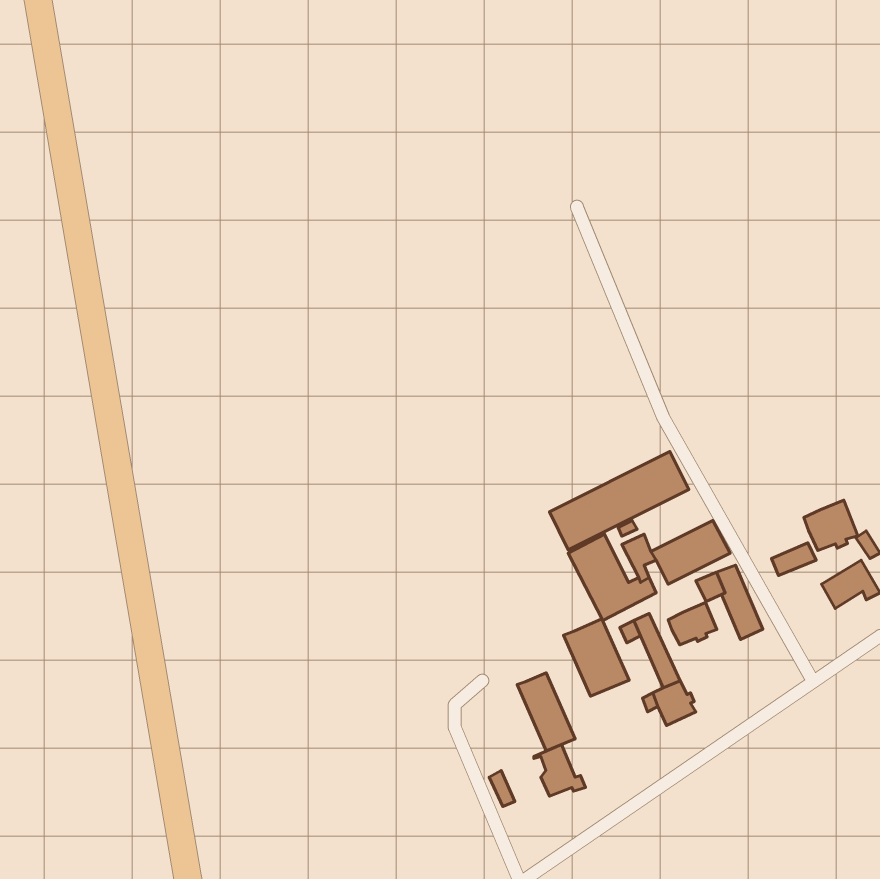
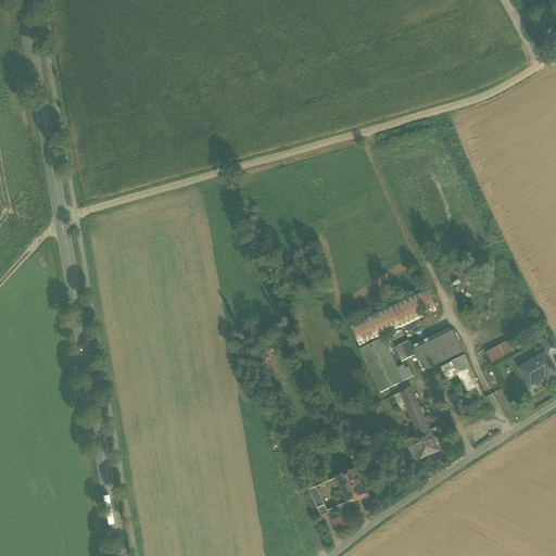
building: [804,500,858,550] -> none
building: [668,602,717,645] -> none
building: [563,619,629,696] -> none
building: [517,673,575,751] -> none

